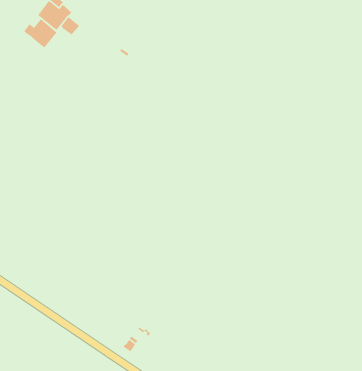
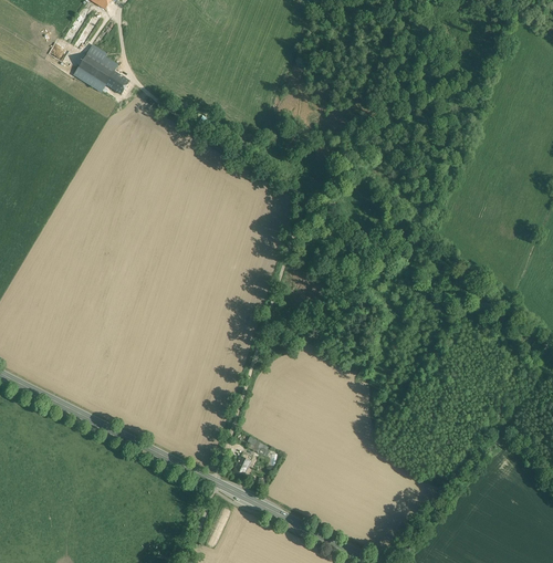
building: [23,18,57,48] -> none

